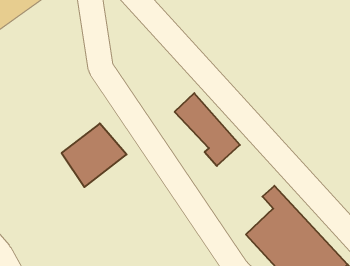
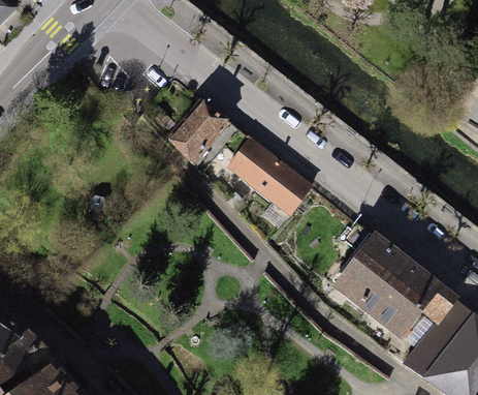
building: [62,123,127,187] -> [167,99,241,174]

